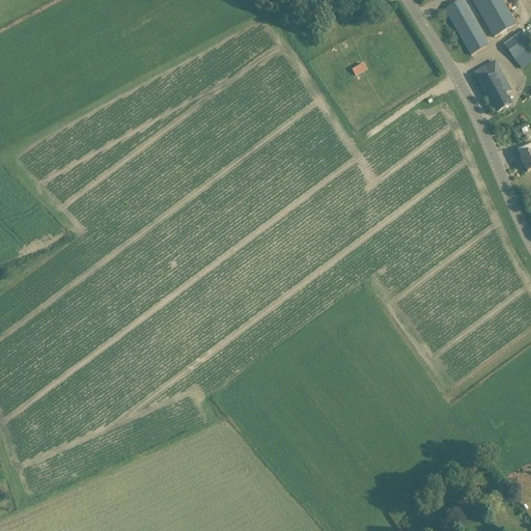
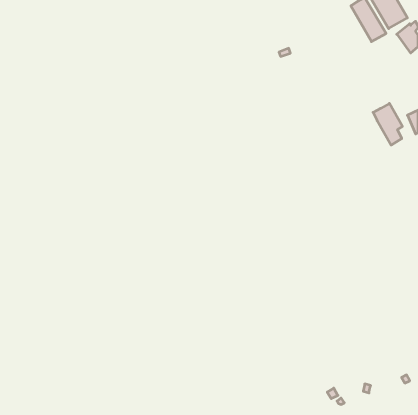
building: [474,59,511,112] -> [373,103,402,145]

